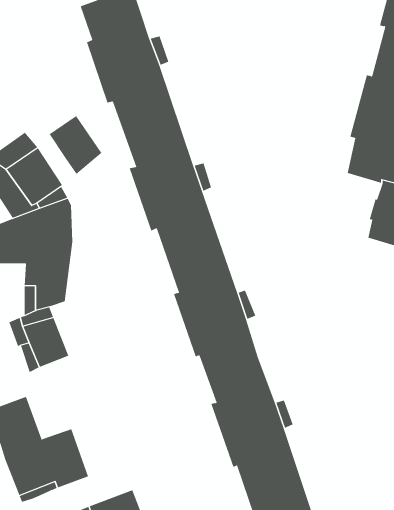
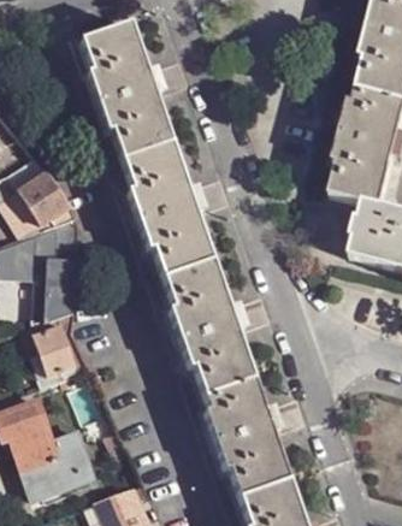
building: [49,115,102,175] -> none

